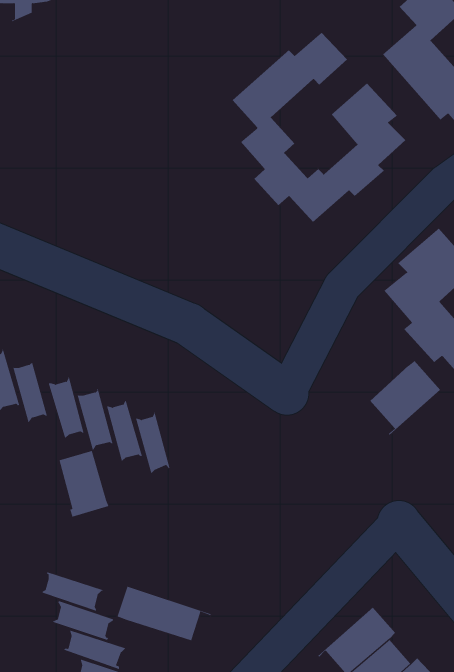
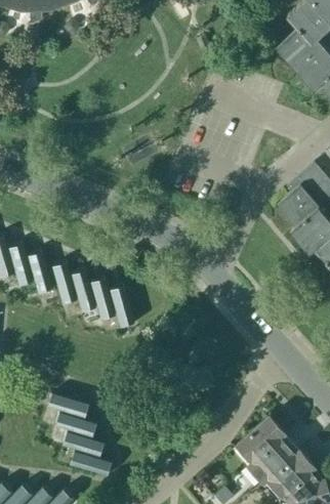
building: [232,32,406,223] -> none
building: [369,360,441,435] -> none
building: [59,450,109,518] -> none
building: [117,586,211,641] -> none

